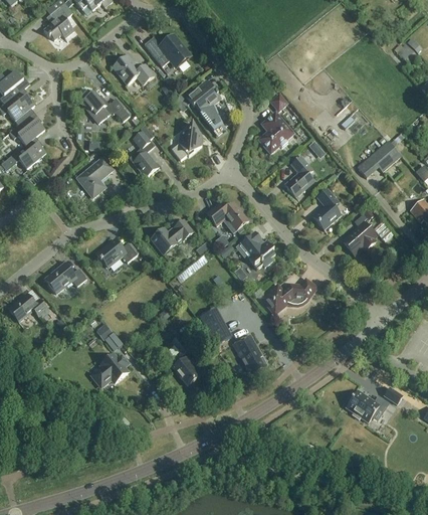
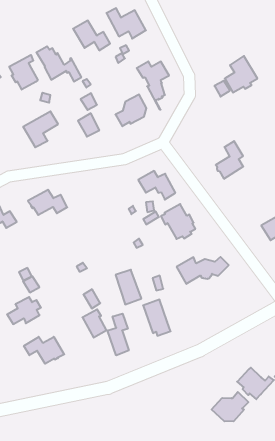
building: none -> [9,55,38,90]
building: [258,112,292,152] -> [225,56,257,93]
building: [312,188,340,228] -> none
building: [150,218,193,253] -> none
building: none -> [107,314,129,355]
building: none -> [24,337,64,364]
building: none -> [212,392,248,421]

